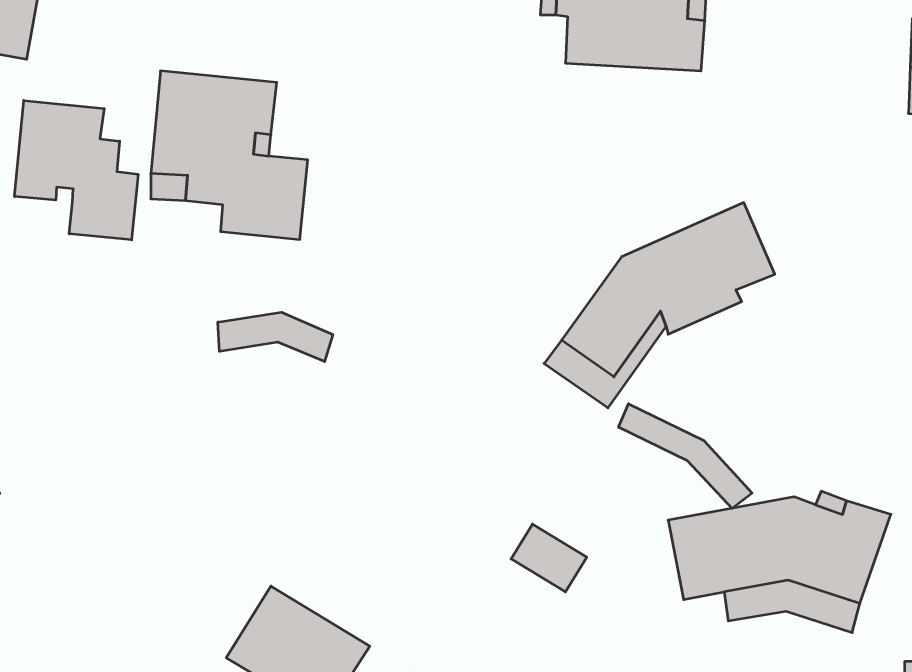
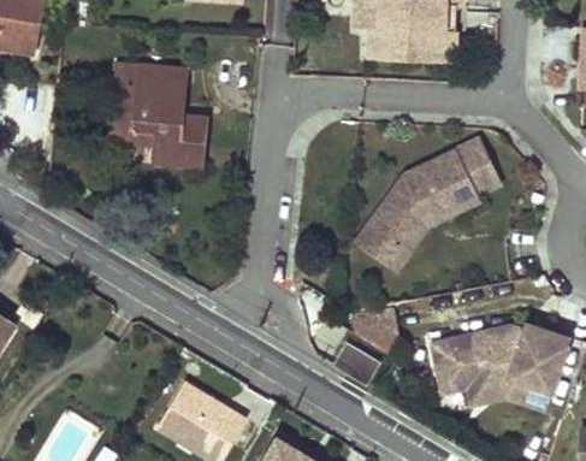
building: [15,100,138,240] -> none
building: [218,312,333,362] -> none
building: [619,404,752,508] -> none

